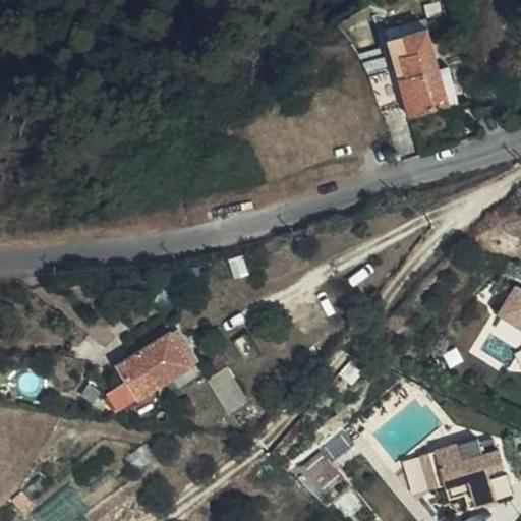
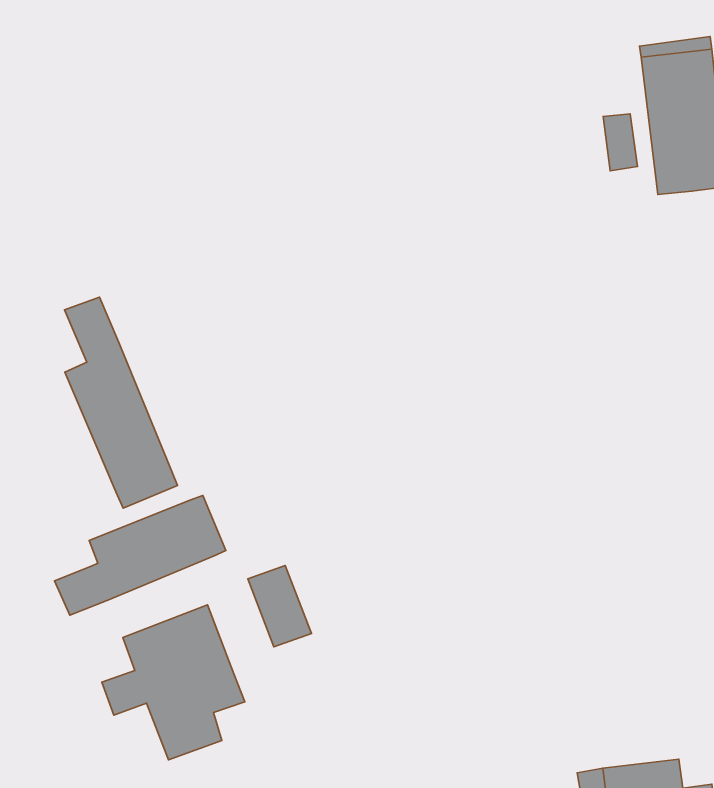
building: none -> [65,297,177,508]
building: none -> [102,605,245,760]

